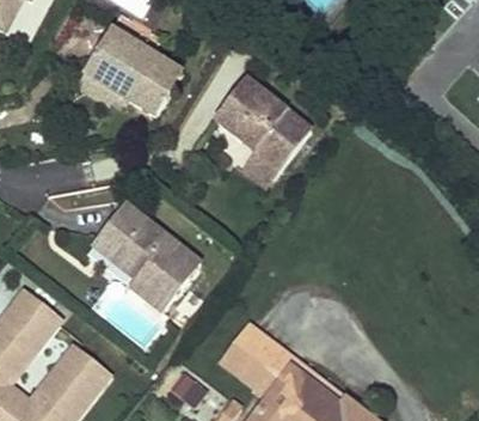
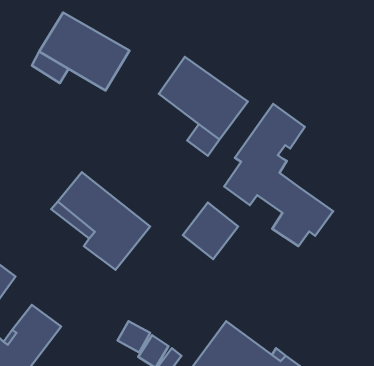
building: none -> [224,104,333,246]
building: [217,322,278,384] -> [183,203,238,259]

